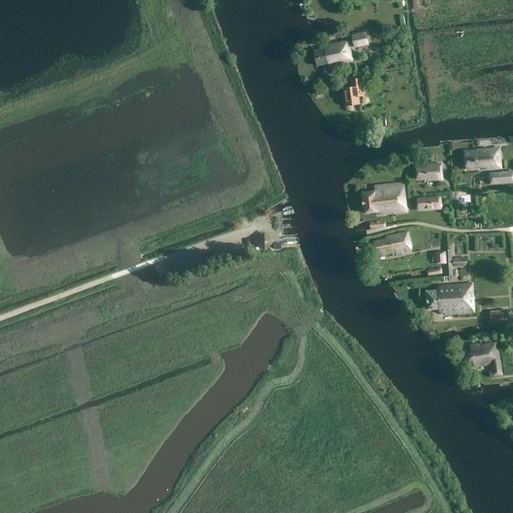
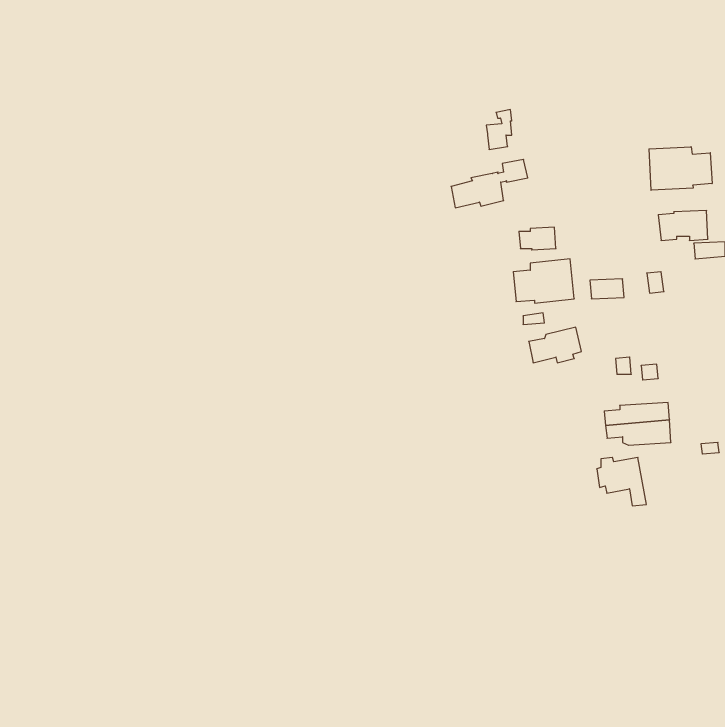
building: [314,31,368,65] -> [451,159,528,208]
building: none -> [649,147,712,190]
building: [416,163,442,179] -> [519,227,556,250]
building: [466,342,501,376] -> [597,457,646,506]

